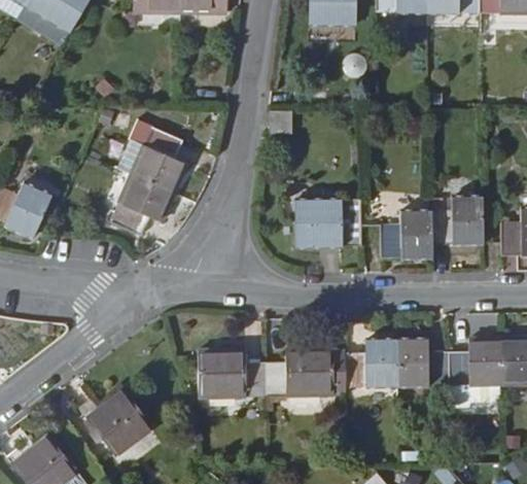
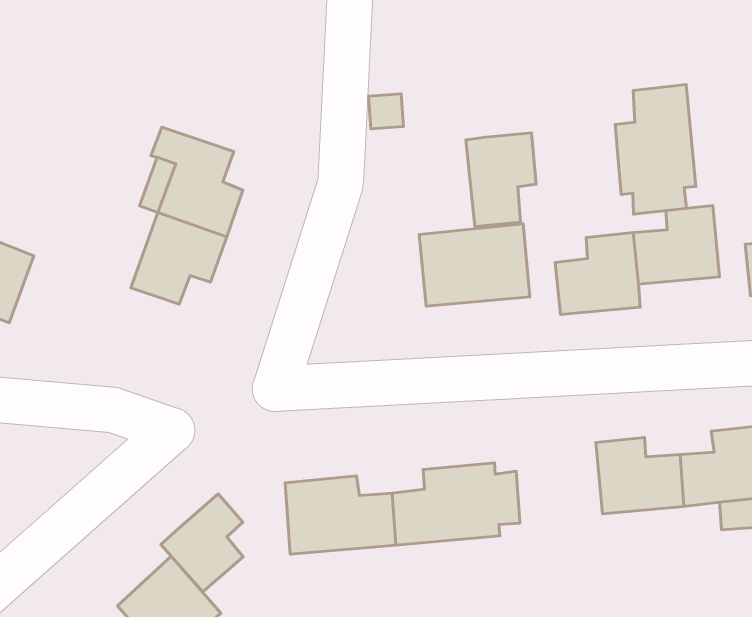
building: none -> [615,85,696,214]
building: none -> [466,133,536,226]
building: [347,340,399,386] -> none
building: none -> [161,494,243,592]

